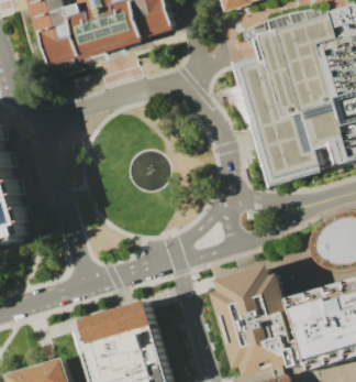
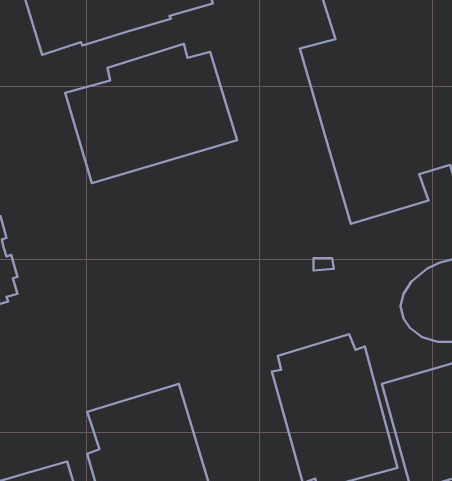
building: none -> [65,44,237,183]

